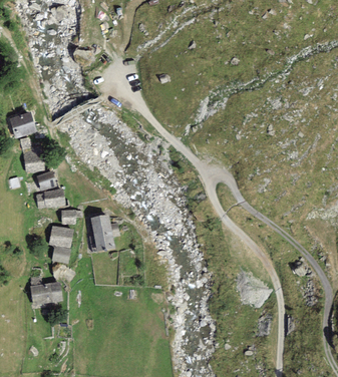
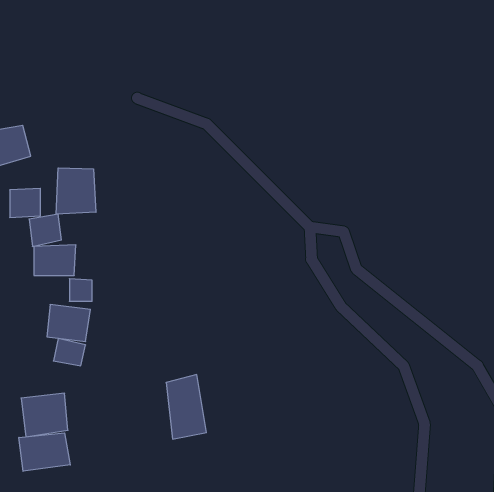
building: none -> [56,168,96,214]
building: [89,213,114,253] -> [166,375,206,439]
building: none -> [19,433,70,471]

